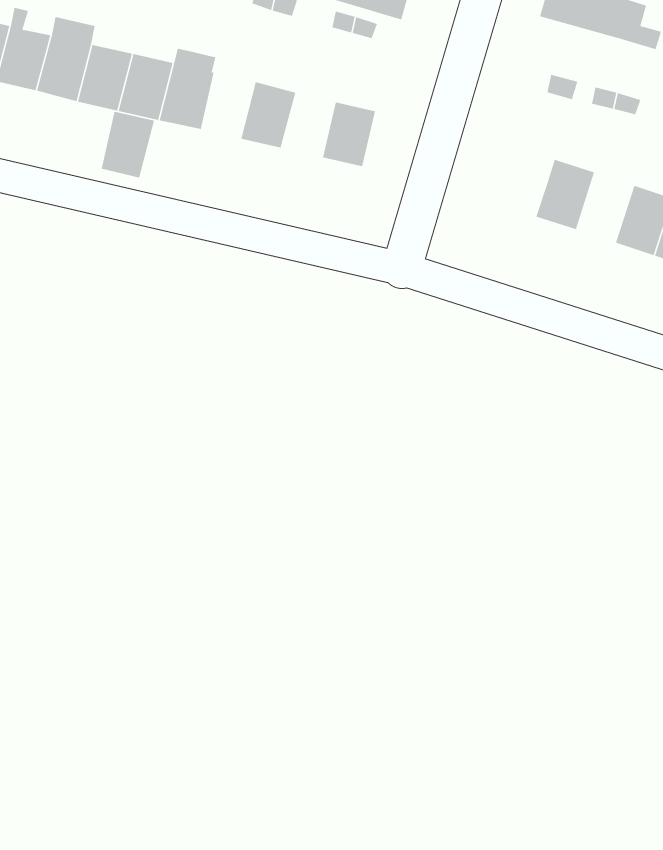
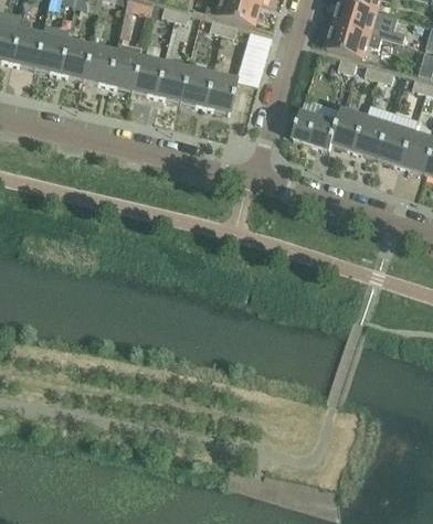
building: none -> [326,22,381,56]
building: none -> [236,29,272,83]
building: none -> [180,67,212,106]
building: [101,111,155,178] -> [133,55,165,95]
building: none -> [293,109,338,148]
building: none -> [356,115,390,157]

